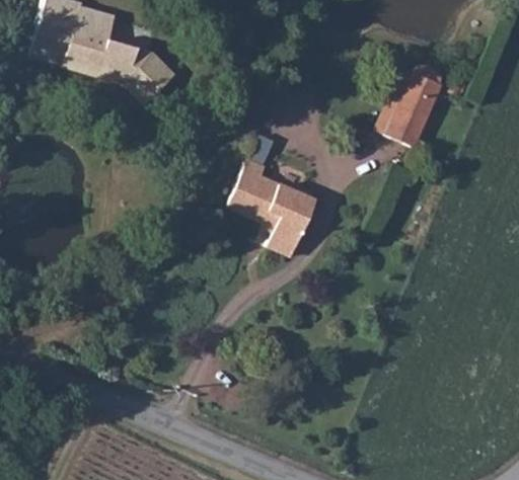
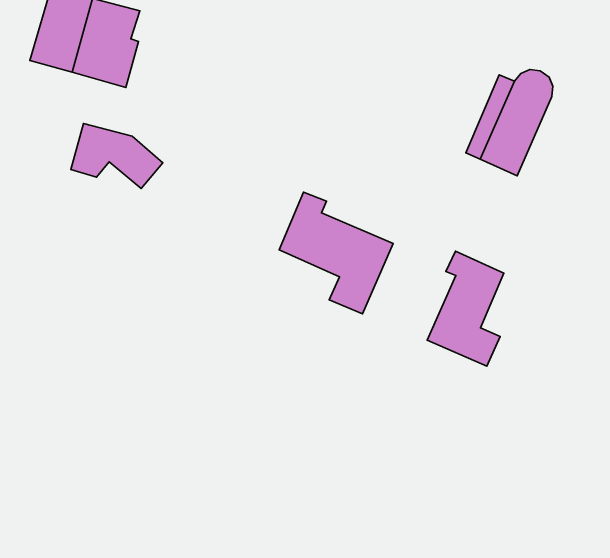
building: [105,41,178,92] -> [71,123,163,189]
building: none -> [427,251,504,366]

